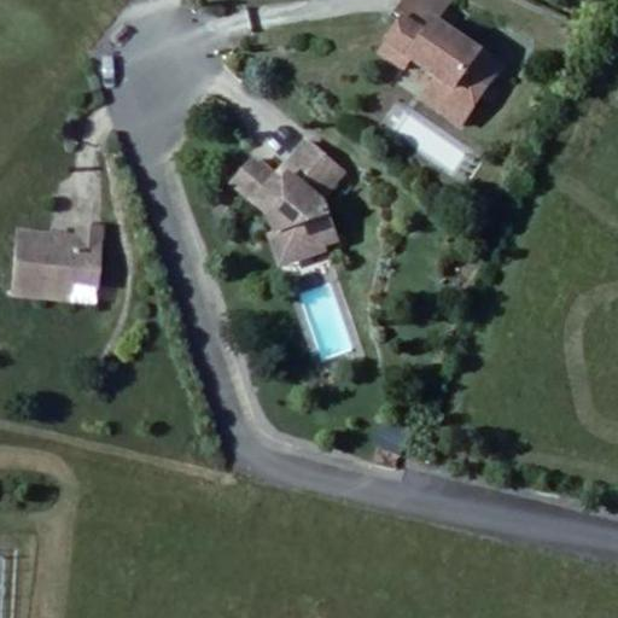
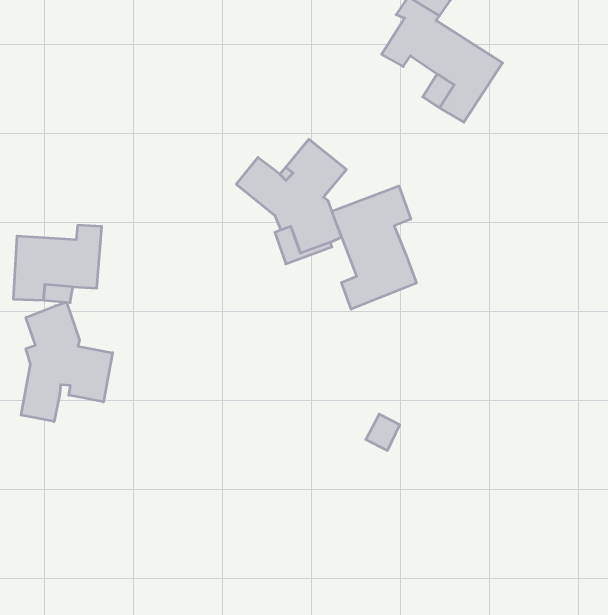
building: none -> [332,186,416,309]
building: none -> [21,302,113,422]

